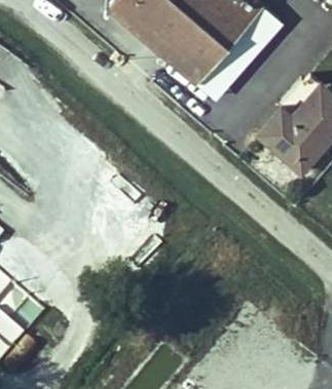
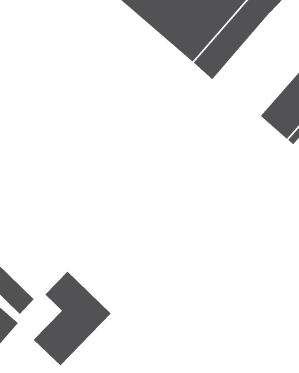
building: none -> [33,271,112,366]

